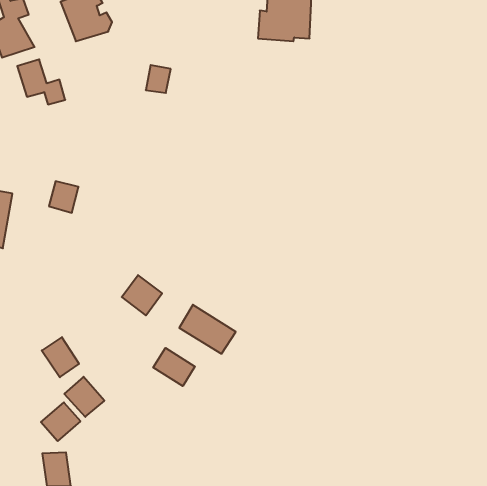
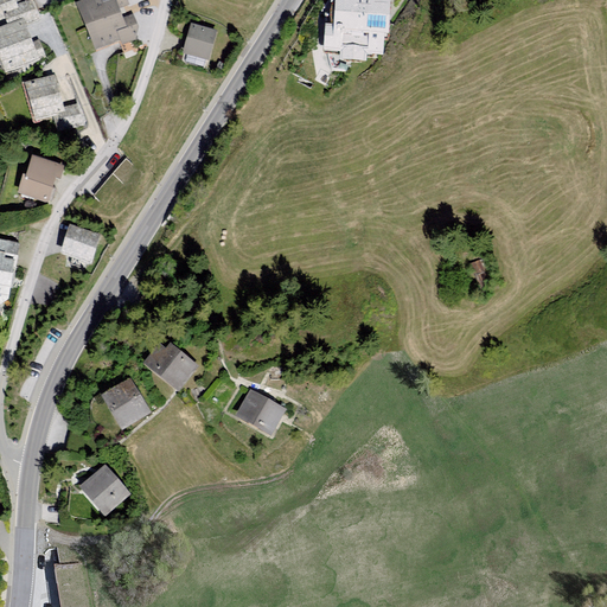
building: [146,65,171,93] -> [183,23,213,57]
building: none -> [19,155,59,202]
building: [42,337,79,377] -> [102,377,148,427]
building: [153,348,195,386] -> none
building: [41,402,80,441] -> none

